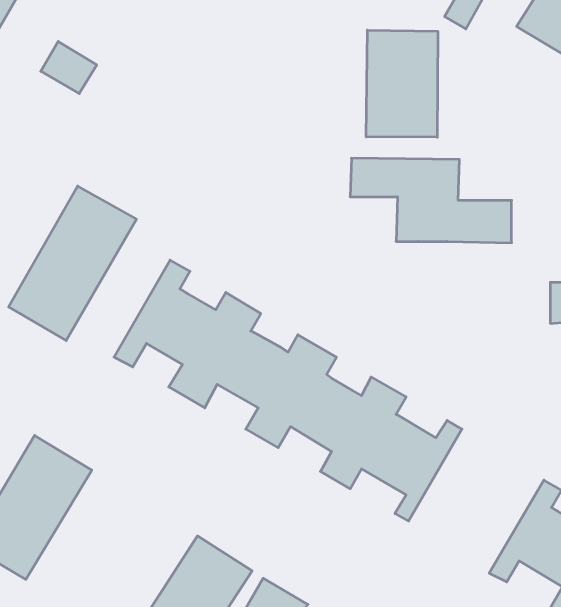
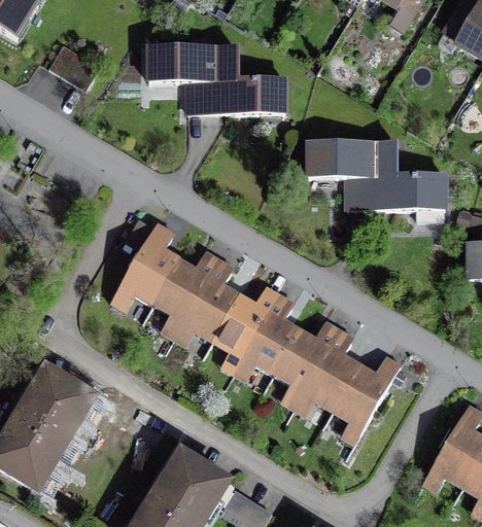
building: [366,30,438,137] -> none
building: none -> [147,45,279,113]
building: [9,186,136,341] -> none

